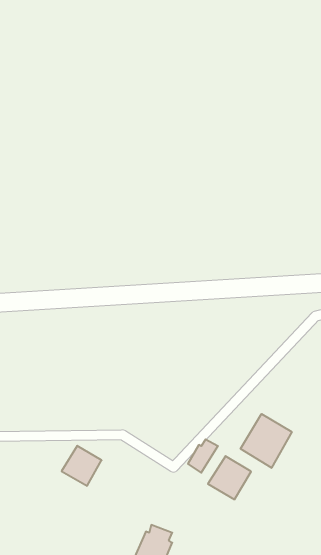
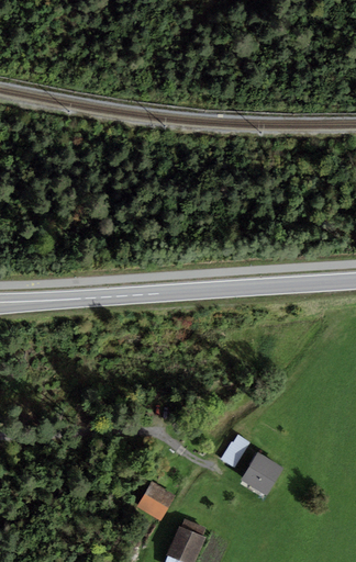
building: [241,414,292,468] -> none
building: [62,446,102,486] -> [136,482,176,521]

